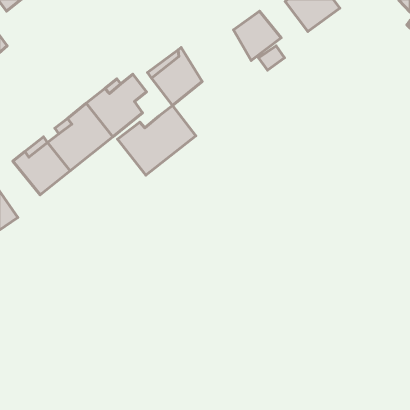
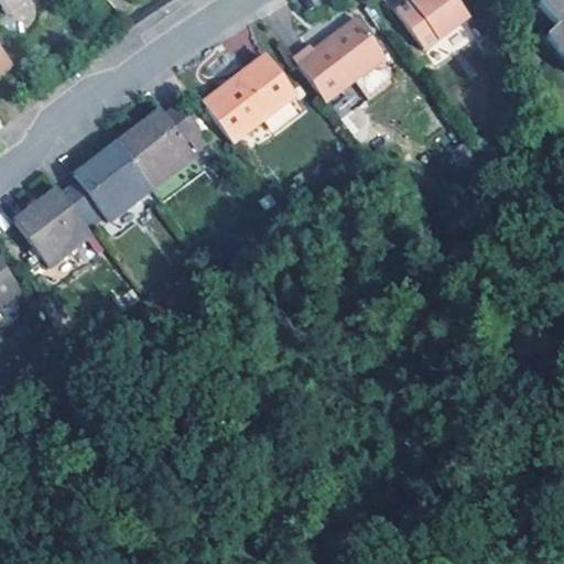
building: none -> [292,41,344,98]
building: none -> [248,53,297,111]
building: [118,106,196,175] -> none

